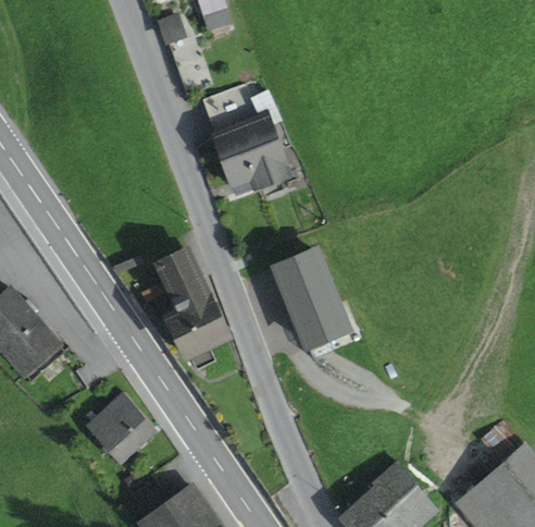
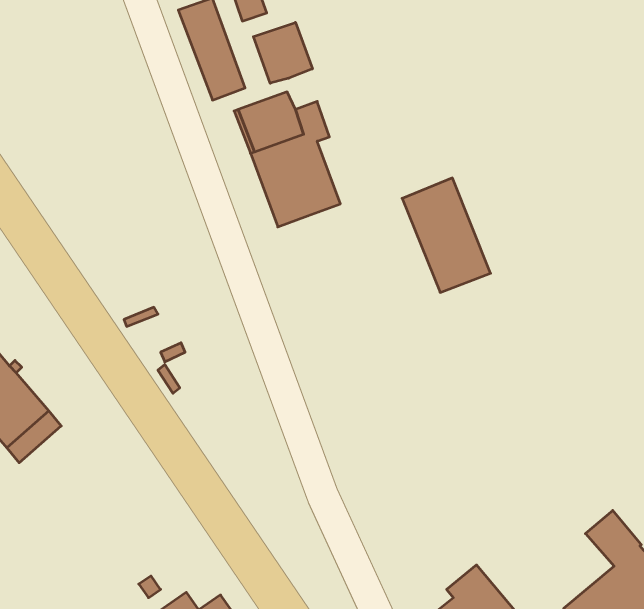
building: none -> [253,22,312,83]
building: [158,252,225,354] -> none
building: [274,252,345,343] -> [402,178,491,292]
building: [89,393,153,457] -> none

